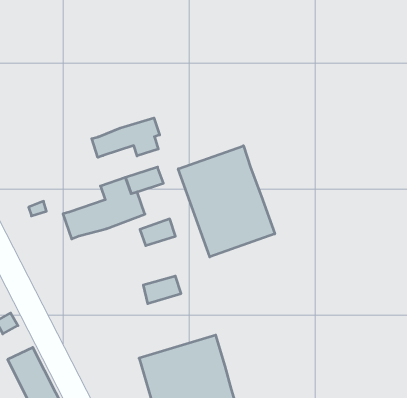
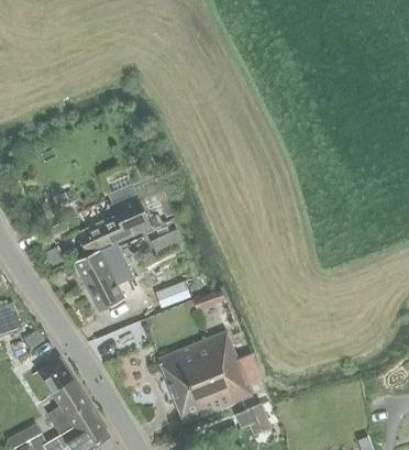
building: [92,118,160,157] -> none
building: [178,146,275,257] -> none
building: none -> [74,243,134,311]

